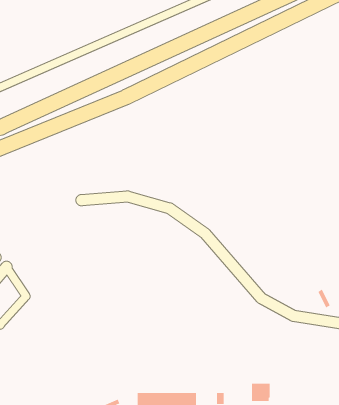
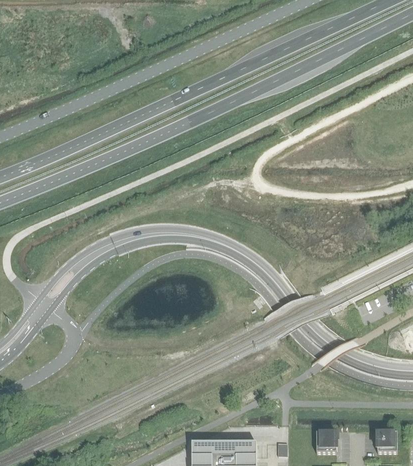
building: none -> [376,429,396,449]

